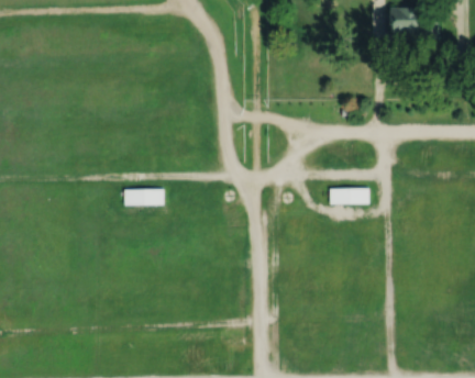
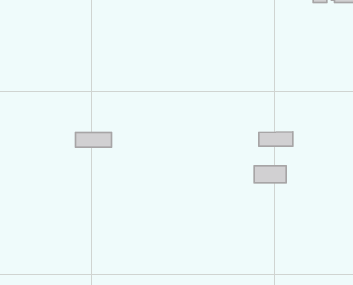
building: none -> [254,166,286,183]

